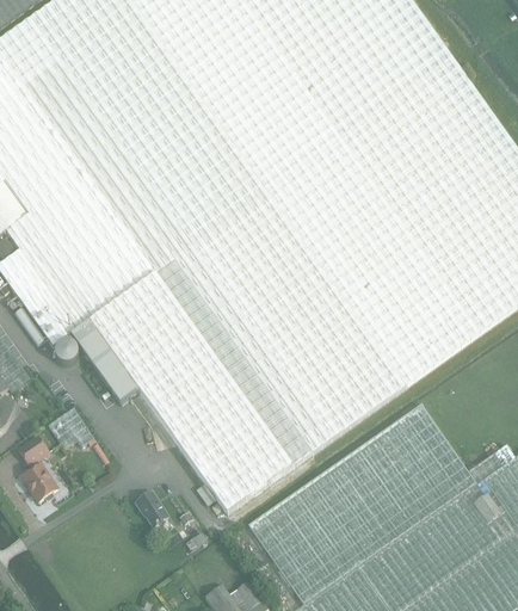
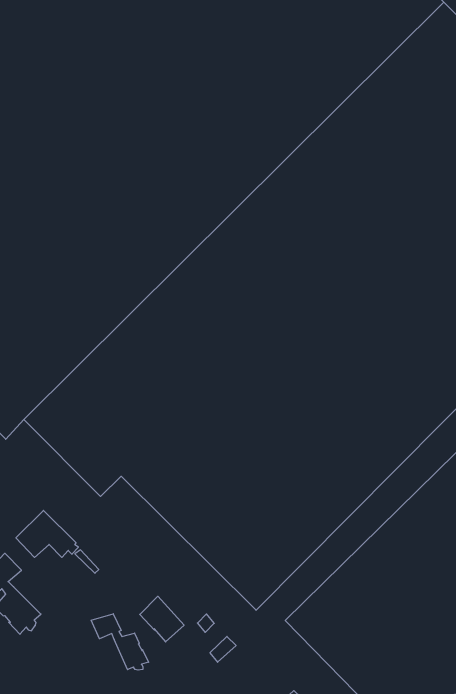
building: none -> [91,614,149,670]

